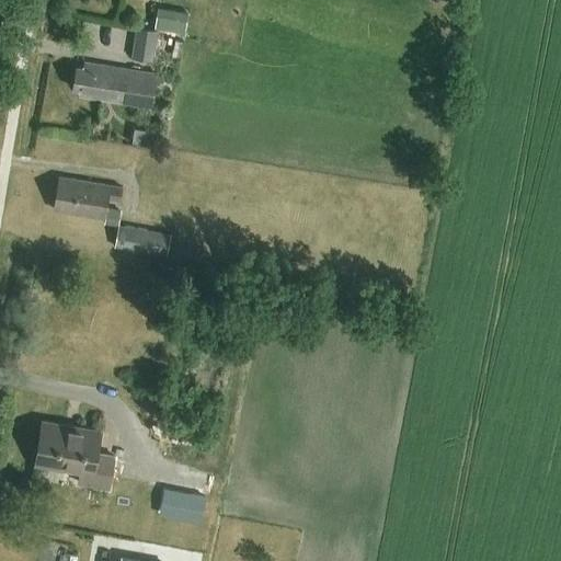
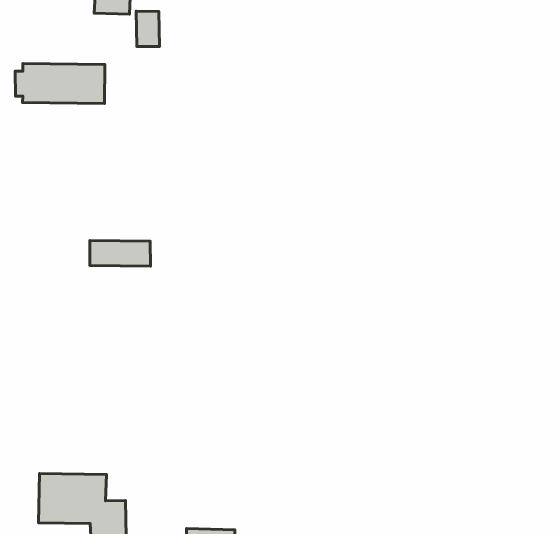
building: [133,28,157,62] -> [136,11,159,47]
building: [54,178,122,226] -> none

